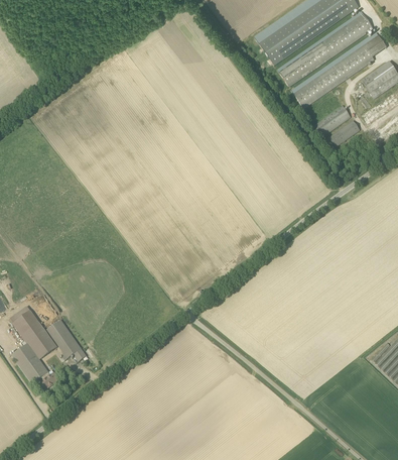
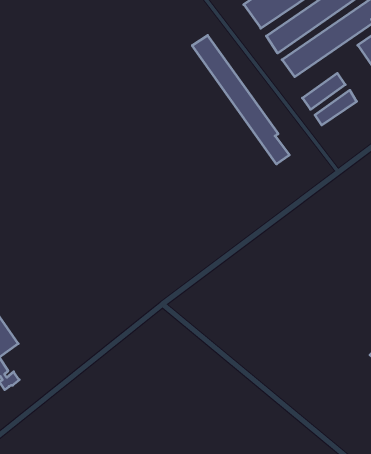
building: none -> [192,35,289,164]
building: [46,318,81,358] -> none

